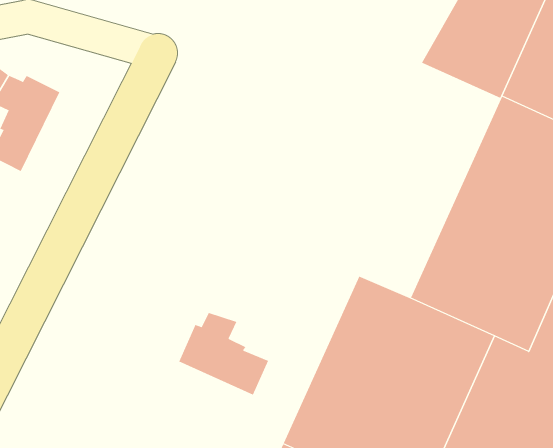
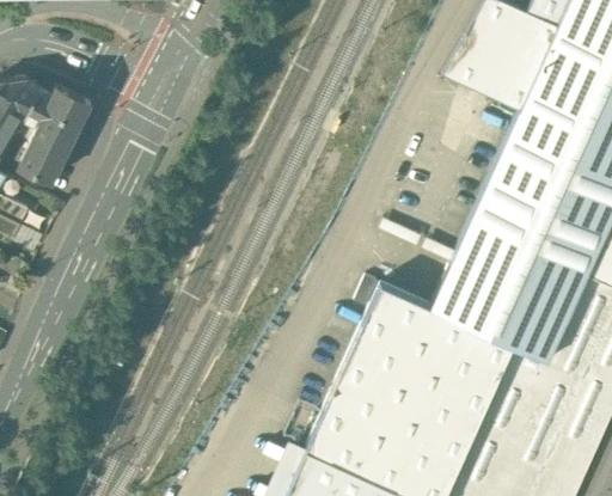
building: [178,312,269,396] -> none

